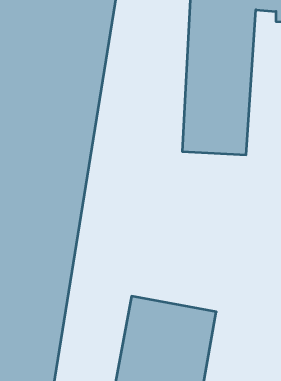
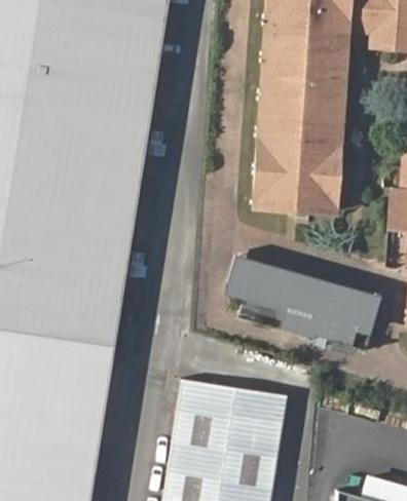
building: none -> [238,259,371,343]

